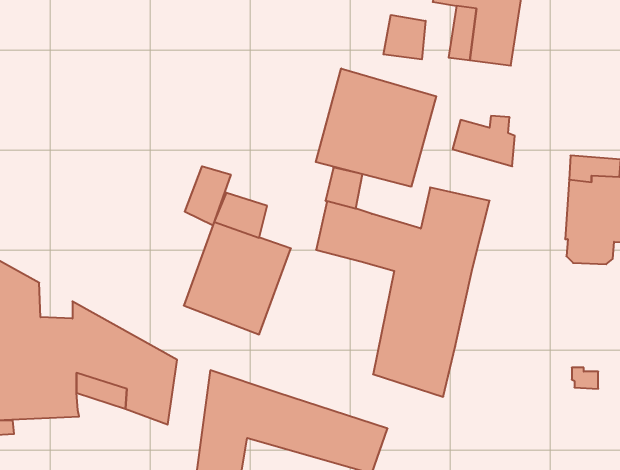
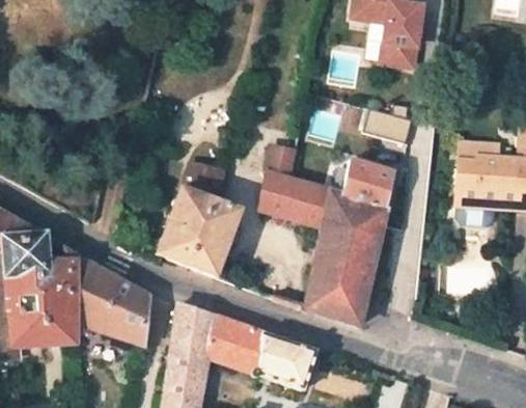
building: [383,15,426,59] -> none
building: [316,68,436,187] -> none
building: [185,166,231,225] -> none

